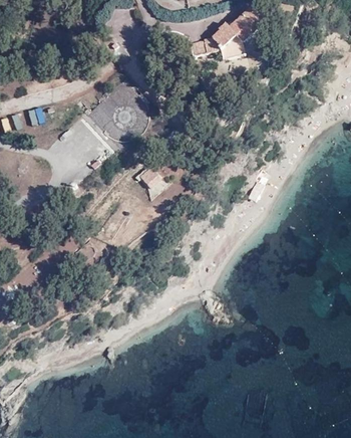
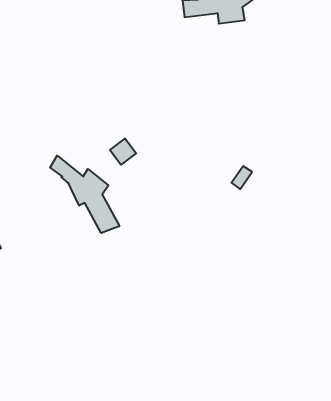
building: none -> [50,156,119,233]

